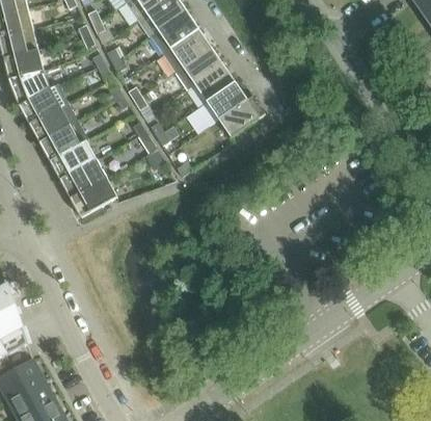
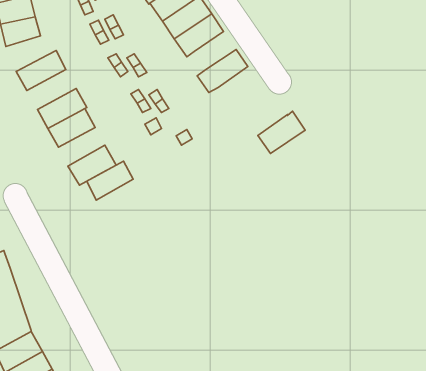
building: [193,62,235,100] -> none
building: [7,67,49,102] -> none
building: [217,94,264,135] -> [258,111,305,153]
building: [28,100,77,139] -> none
building: [59,157,105,195] -> [87,161,133,200]

